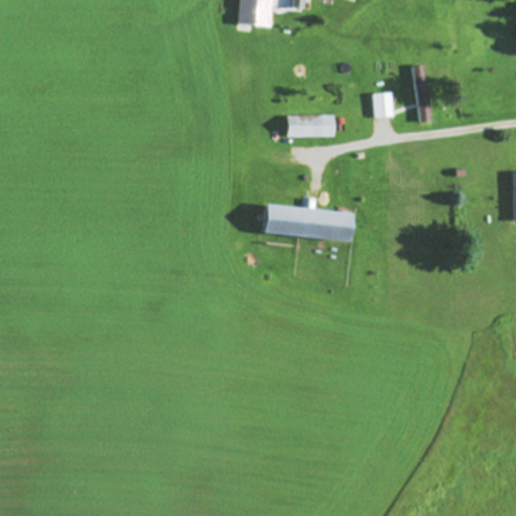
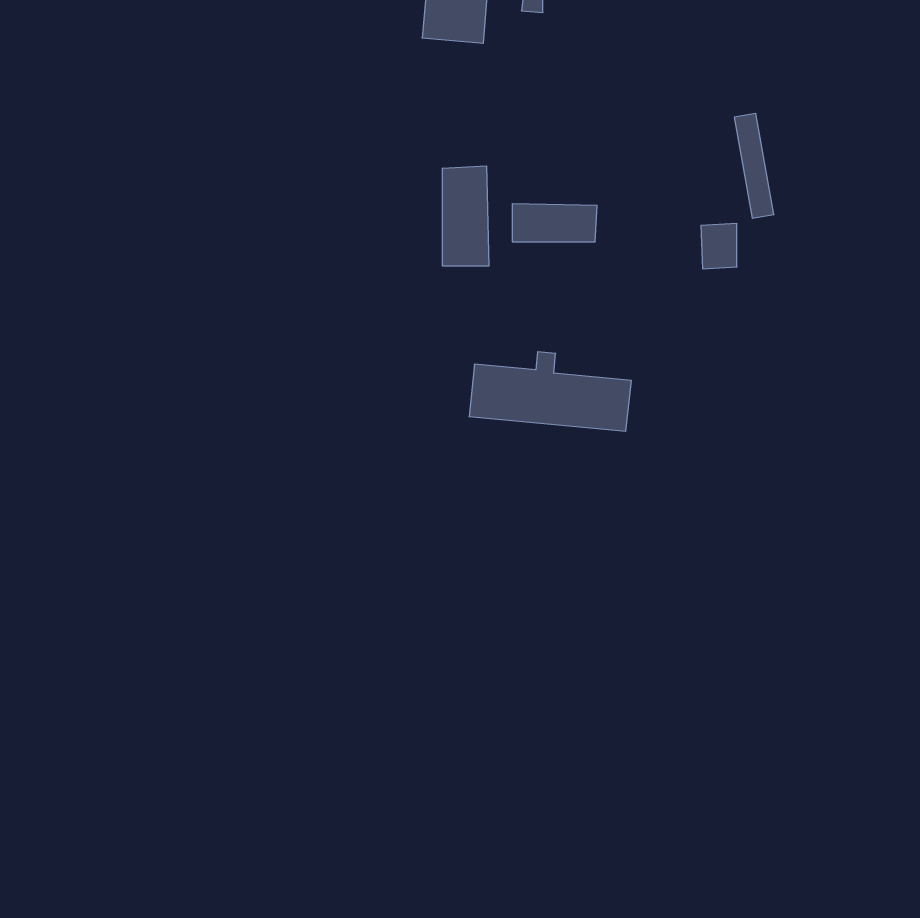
building: [372,92,392,117] -> [701,224,737,269]
building: none -> [443,166,489,266]

